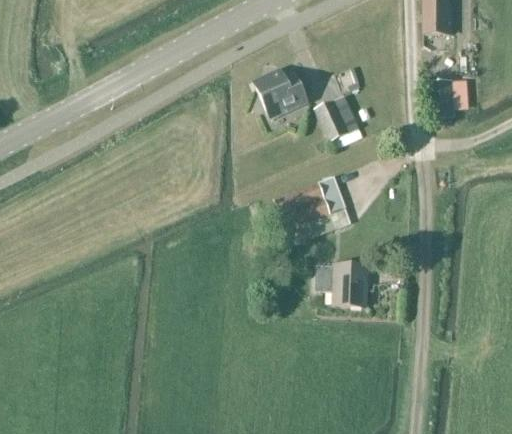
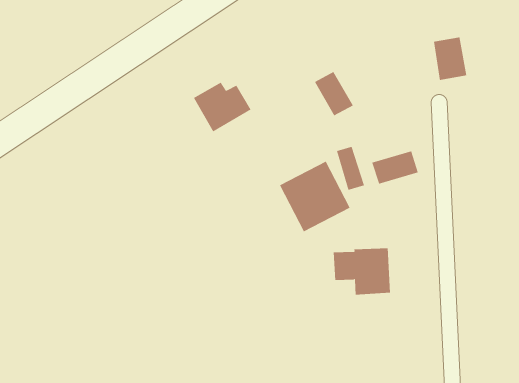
building: [257,70,309,115] -> [193,82,251,132]
building: none -> [372,151,419,184]

